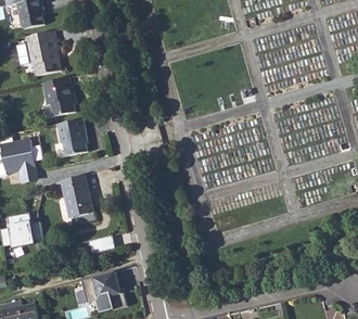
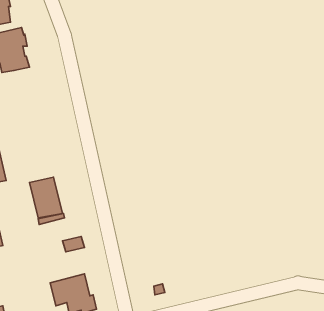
building: [40,74,75,115] -> none
building: [55,117,89,156] -> none

